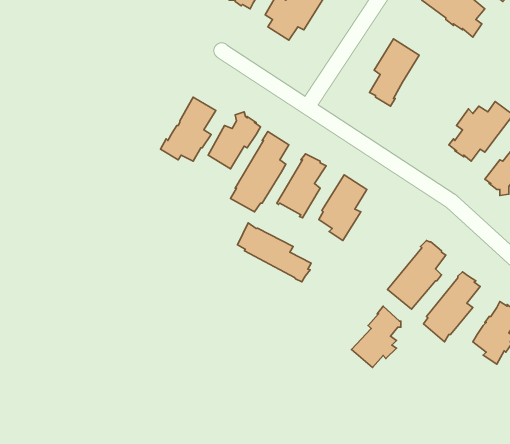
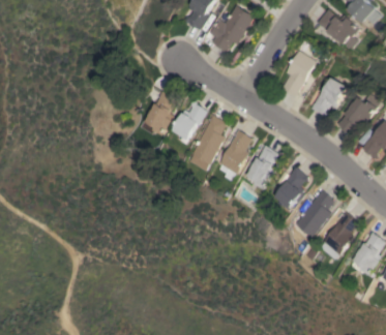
building: none -> [310,78,347,116]
building: [238,223,311,282] -> none
building: [352,306,401,367] -> [273,165,307,208]

